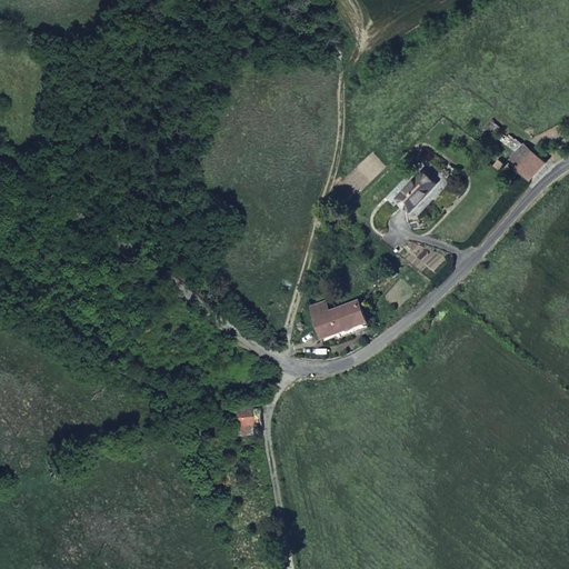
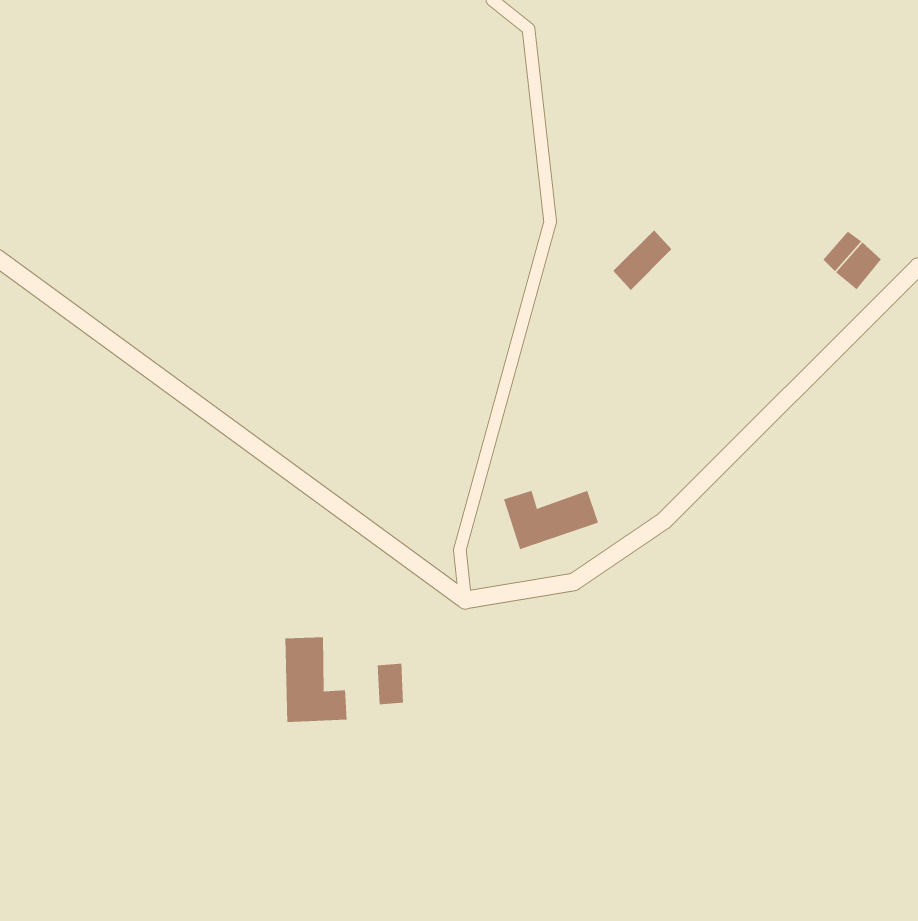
building: [400,170,437,208] -> [613,229,672,291]
building: none -> [285,637,347,723]

